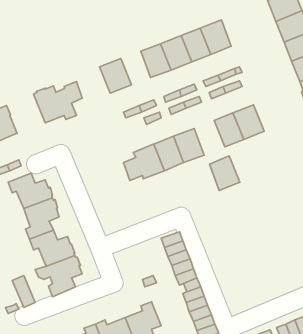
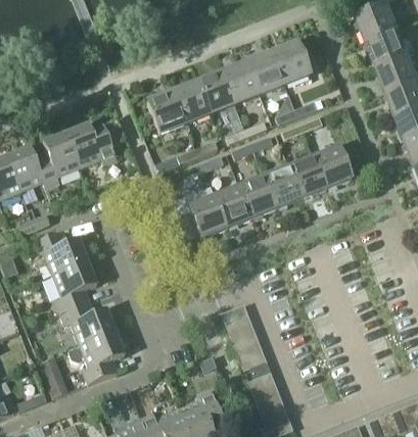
building: none -> [173,80,210,122]
building: none -> [35,132,79,188]
building: [209,156,240,191] -> [264,165,301,208]

